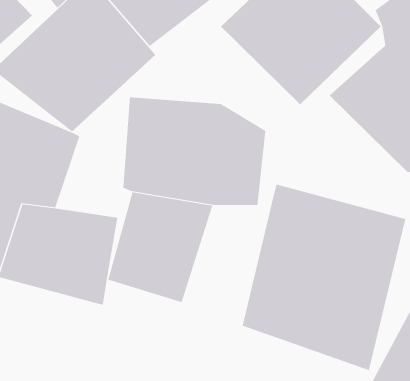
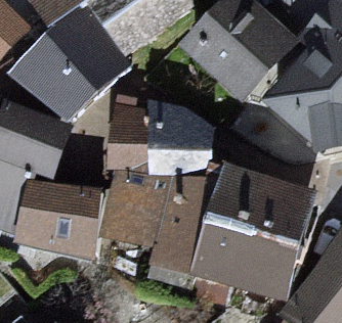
building: none -> [149,181,216,272]

